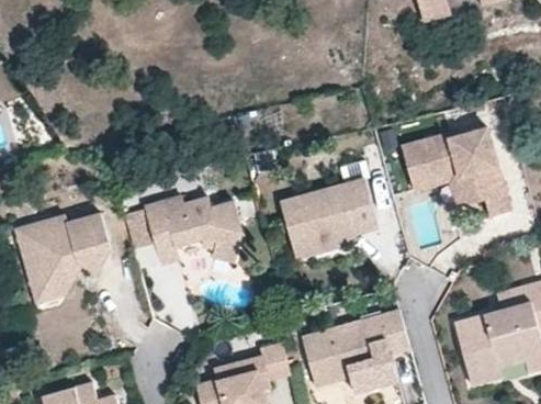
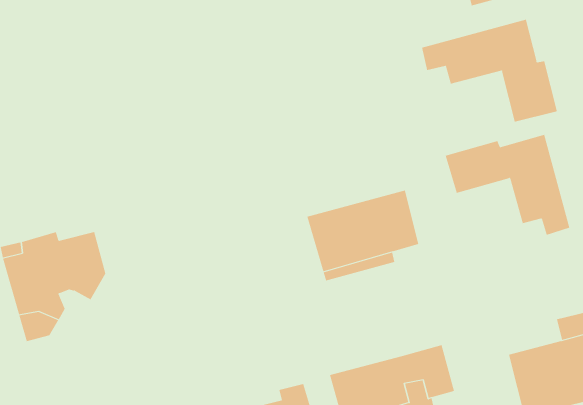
building: none -> [422,19,558,123]
building: [410,168,467,211] -> none
building: [142,194,239,262] -> none

